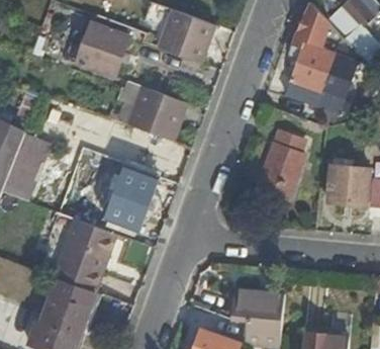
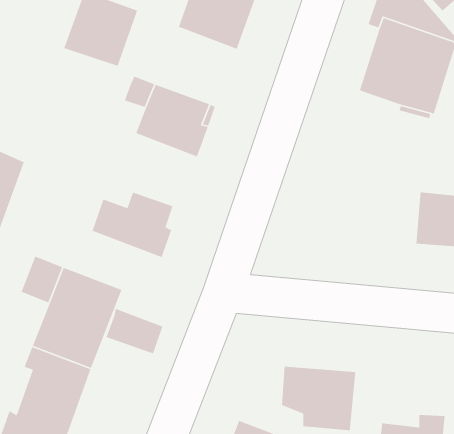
building: [258,130,309,197] -> none
building: [104,199,146,233] -> [105,308,163,355]

